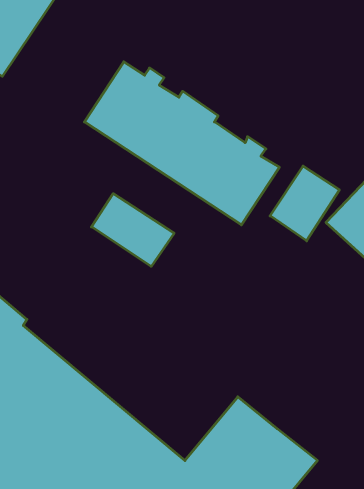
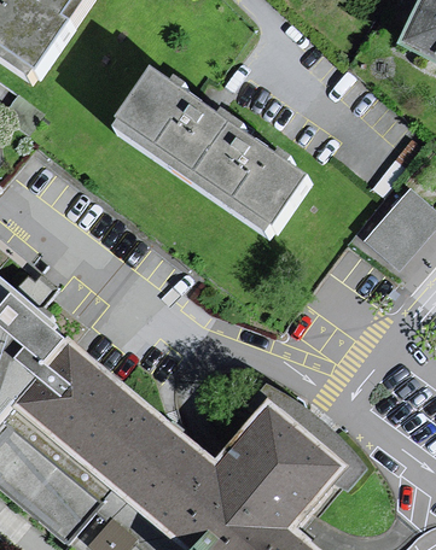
building: [270,166,339,241] -> none
building: [91,194,174,266] -> none

